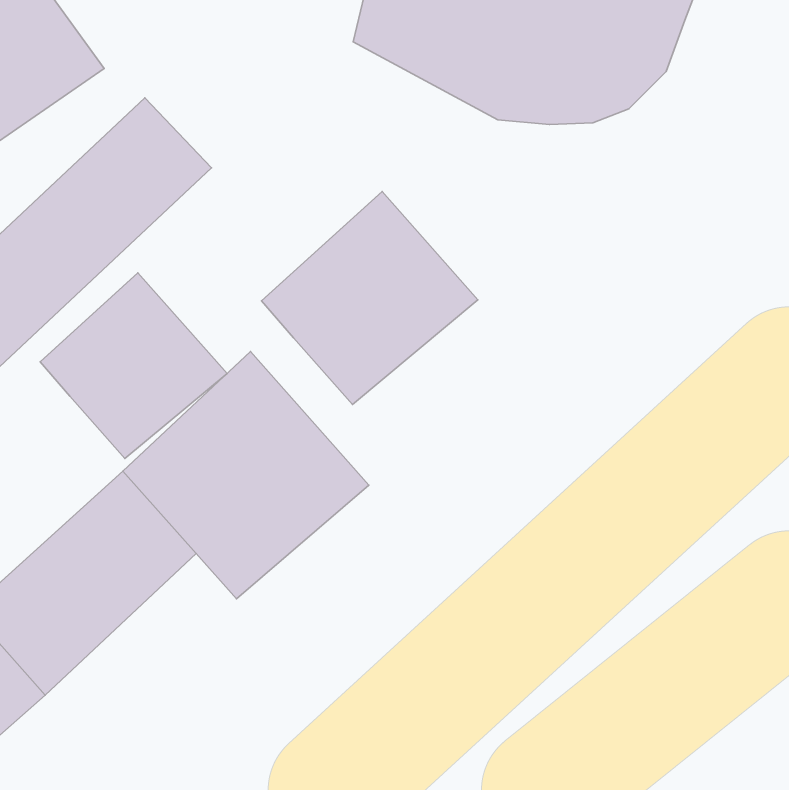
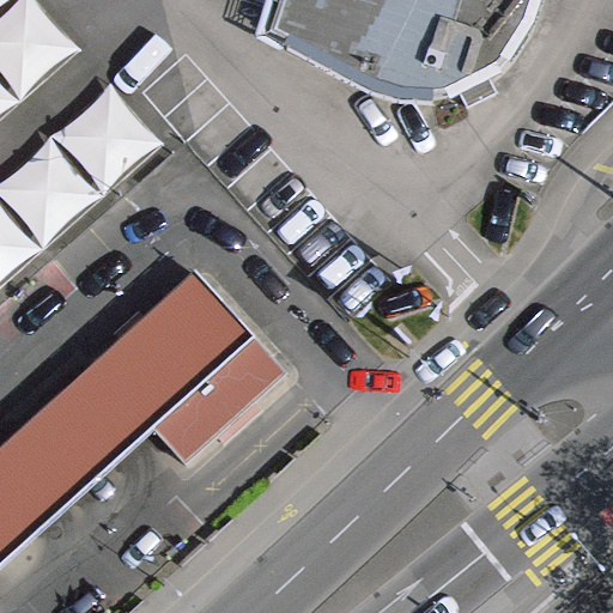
building: [261,192,478,405] -> none
building: [40,273,227,458] -> none

